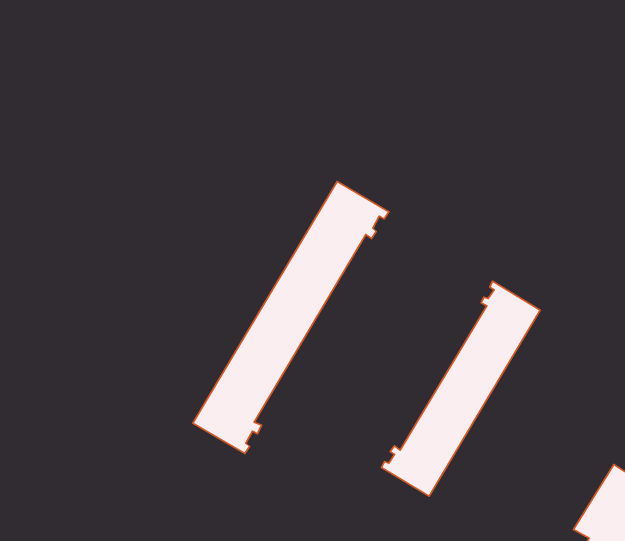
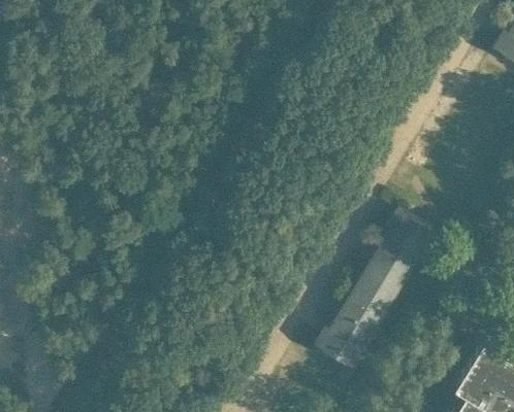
building: [193,181,389,453] -> none

